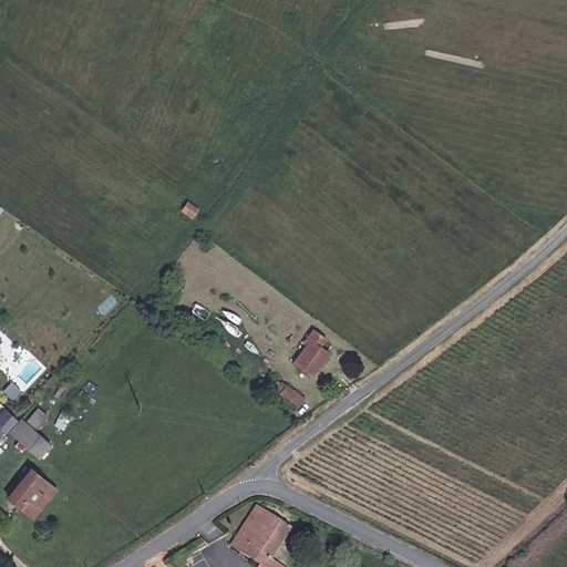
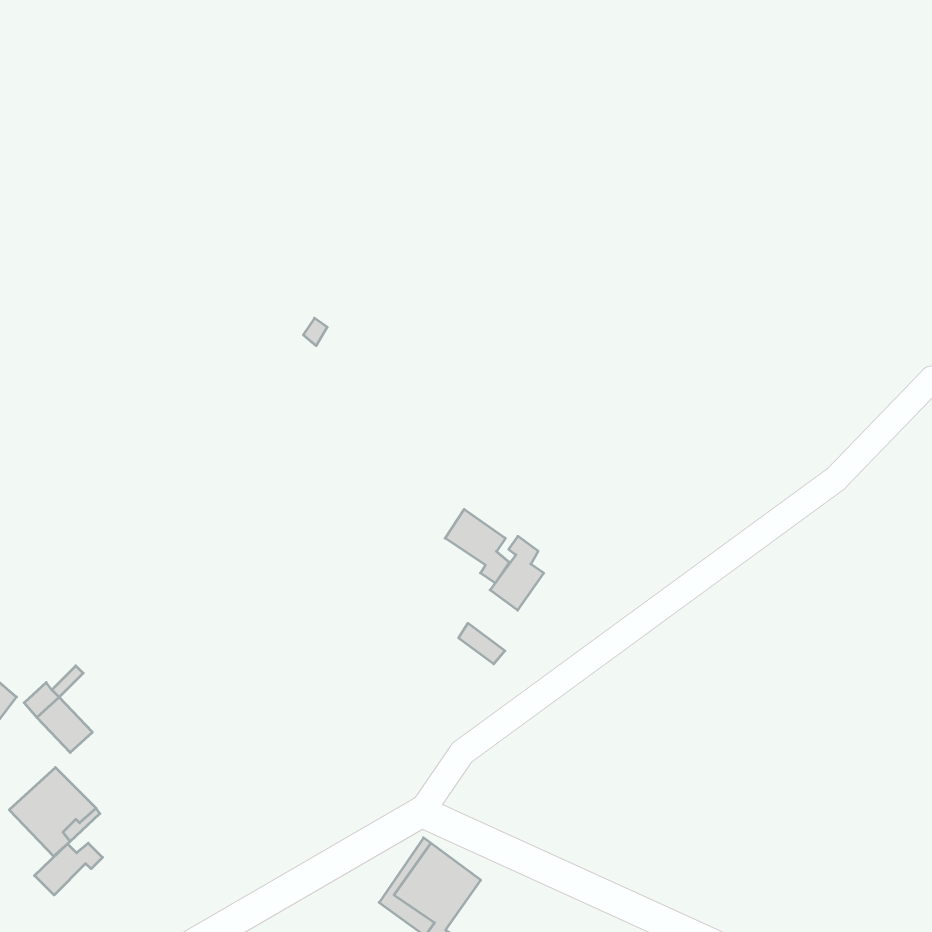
building: none -> [445,509,509,583]
building: none -> [34,843,103,895]

